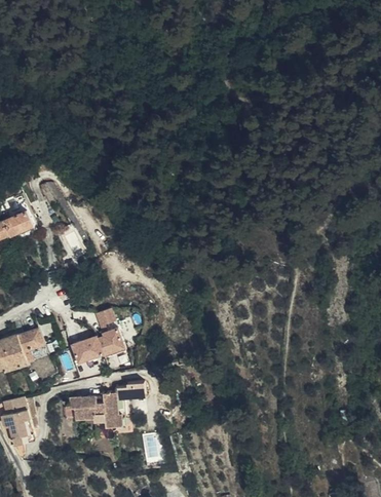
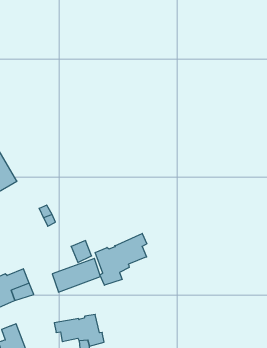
building: none -> [95,233,147,285]

